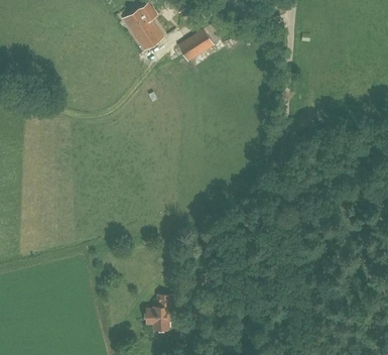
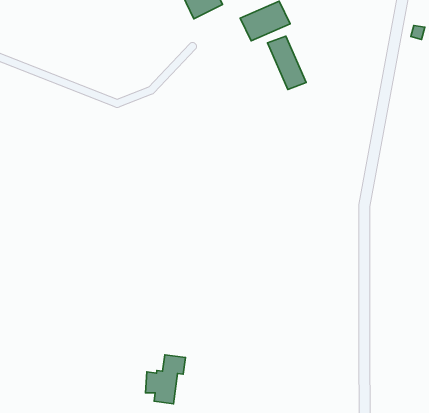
building: none -> [268,36,306,89]

